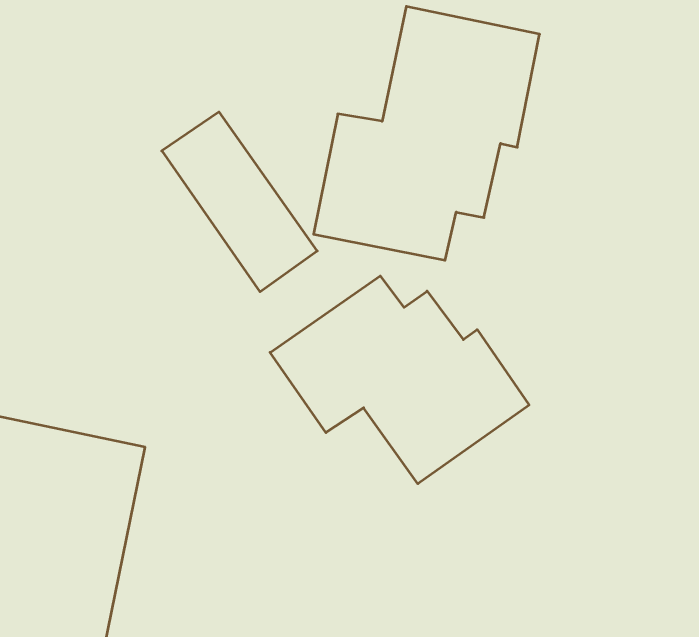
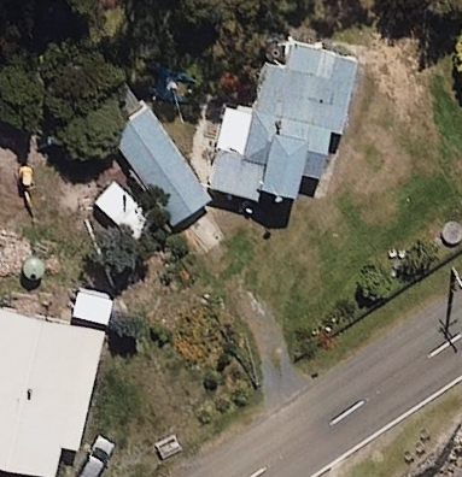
building: [270,276,529,484] -> none

